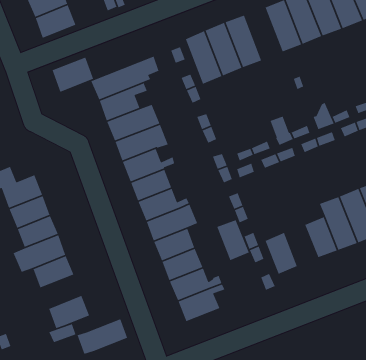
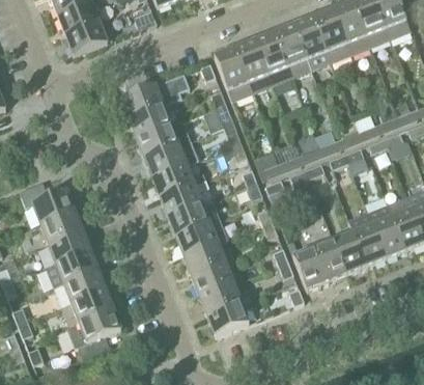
building: none -> [274,25,311,78]
building: [51,56,94,93] -> none
building: [216,219,250,261] -> [313,240,346,281]
building: [77,318,128,355] -> [62,290,113,326]

